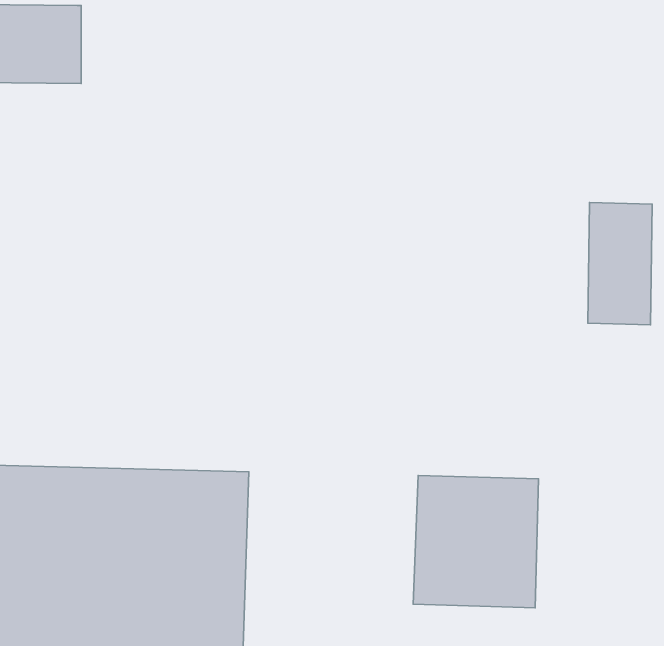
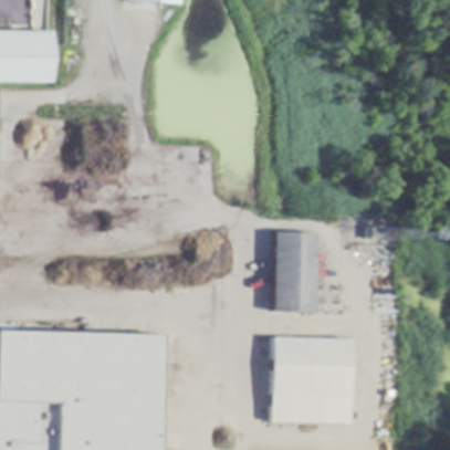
building: [588,203,652,325] -> [275,231,317,311]

